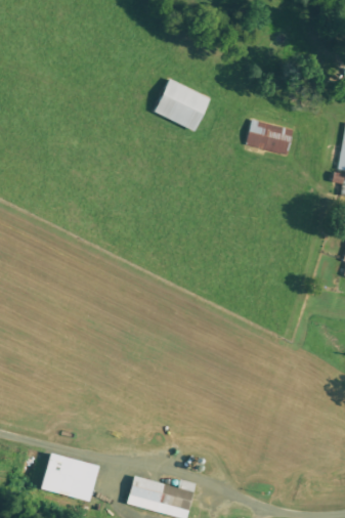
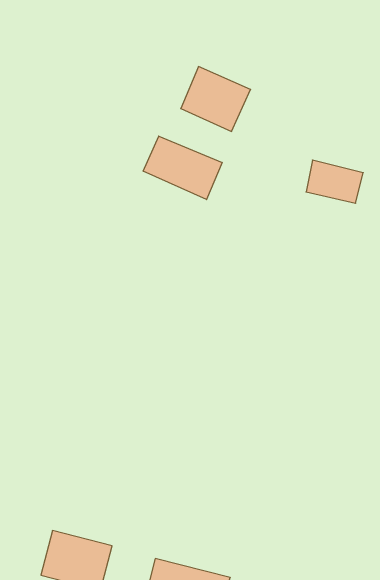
building: [246,119,292,154] -> [306,160,363,203]
building: none -> [143,136,222,200]

